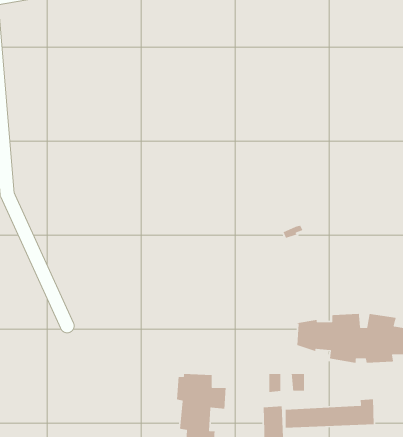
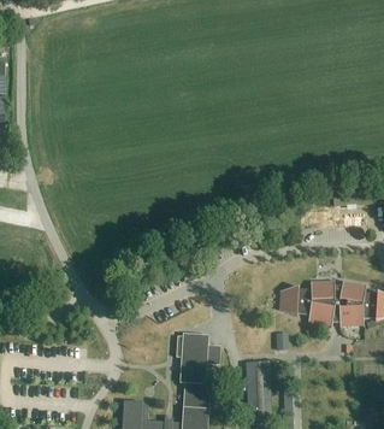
building: [285,399,374,428] -> none

